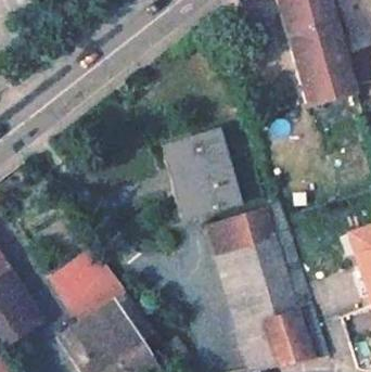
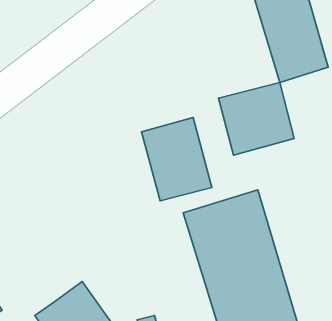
building: none -> [218,83,294,155]
building: [52,248,125,319] -> none

